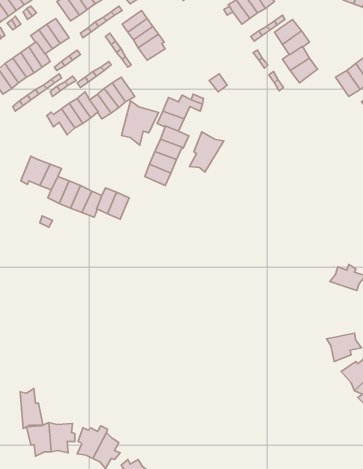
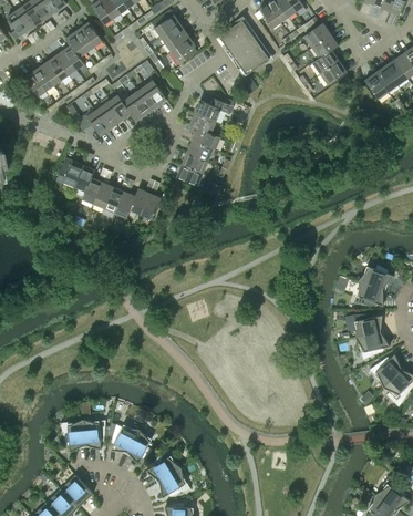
building: none -> [219,20,269,75]
building: [122,101,159,145] -> none
building: [190,132,224,172] -> none
building: none -> [353,280,385,306]
building: none -> [353,313,383,337]
building: [20,389,43,429] -> none

